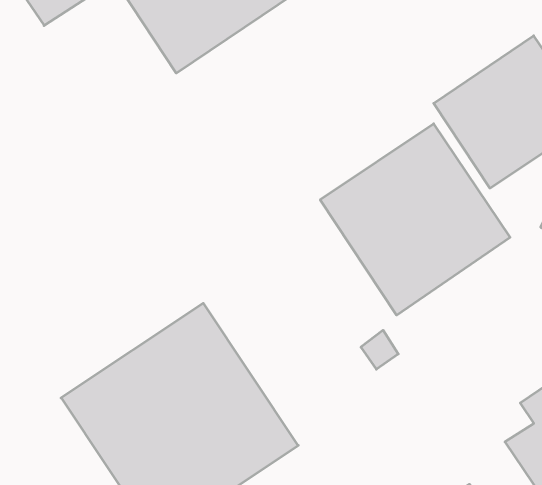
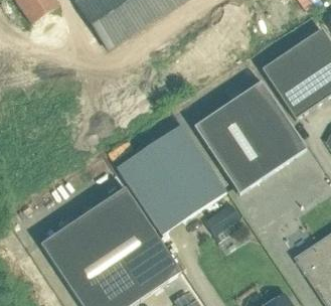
building: none -> [117,124,226,236]

